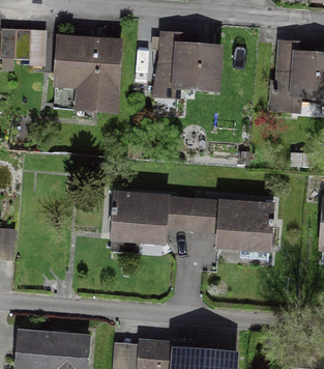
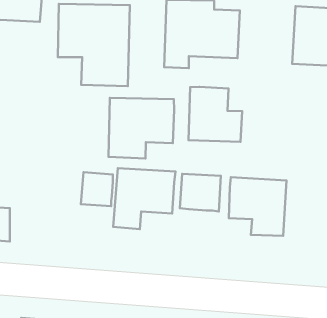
building: none -> [188,87,242,142]
building: none -> [109,98,174,159]
building: none -> [81,172,113,206]

